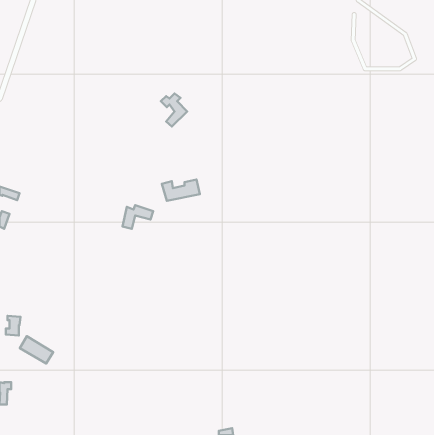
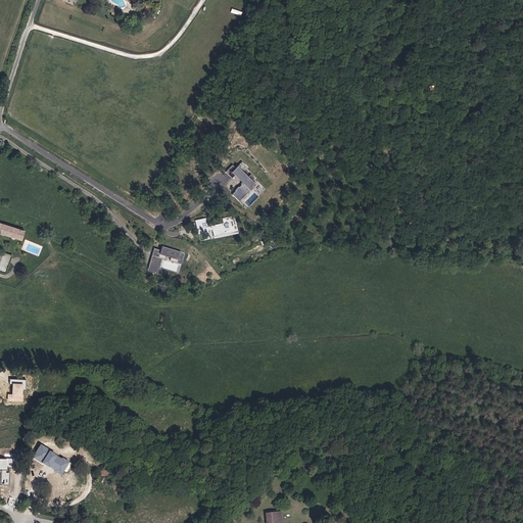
building: [161,93,187,127] -> [225,162,256,202]
building: [20,336,53,363] -> [32,444,72,477]

